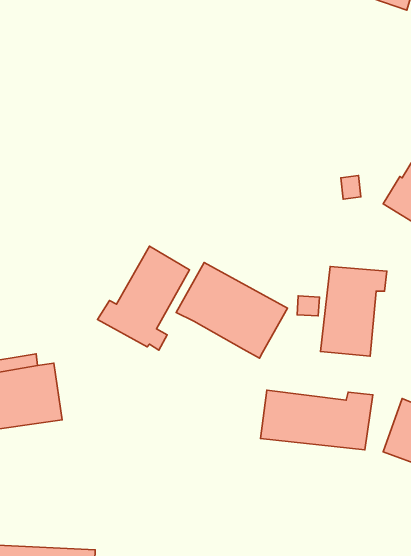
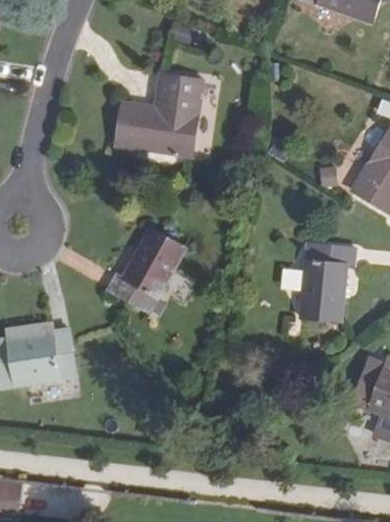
building: none -> [117,75,204,157]
building: [176,263,287,358] -> none
building: [260,390,373,450] -> none

